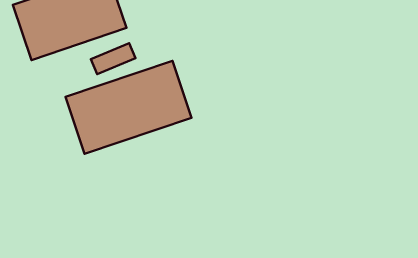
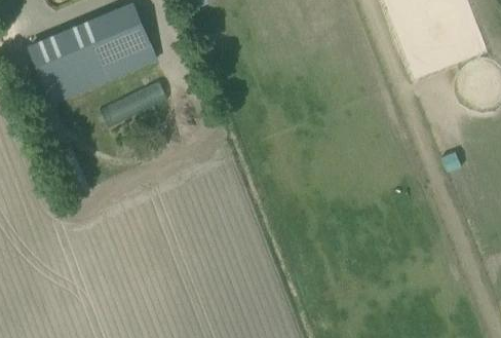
building: [66,61,191,154] -> none

